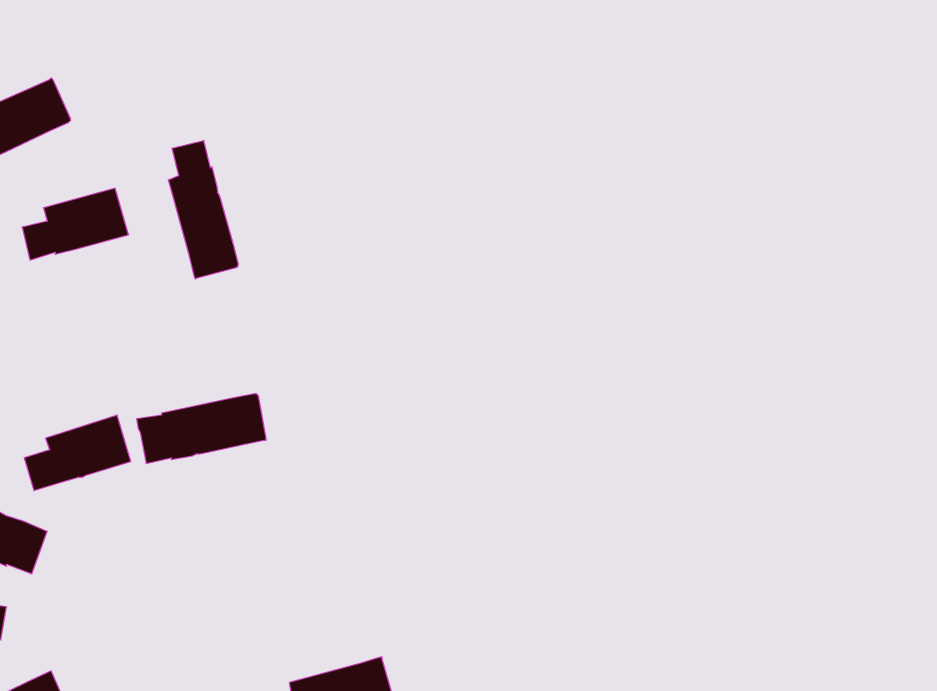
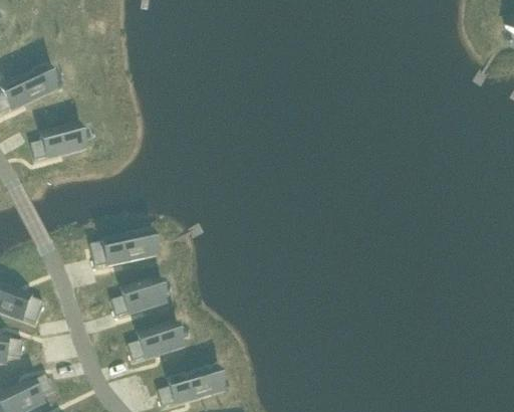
building: [168,140,238,279] -> none
building: [24,415,131,491] -> [112,276,168,316]
building: none -> [128,322,184,360]

